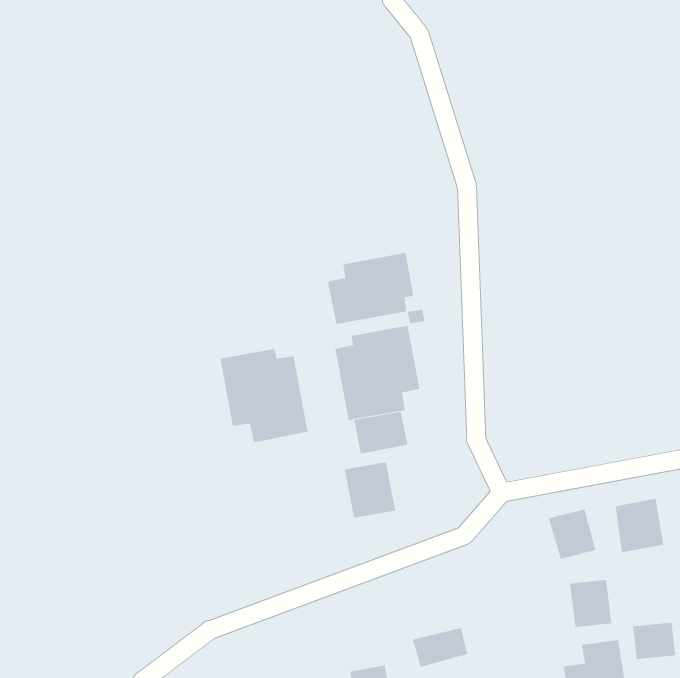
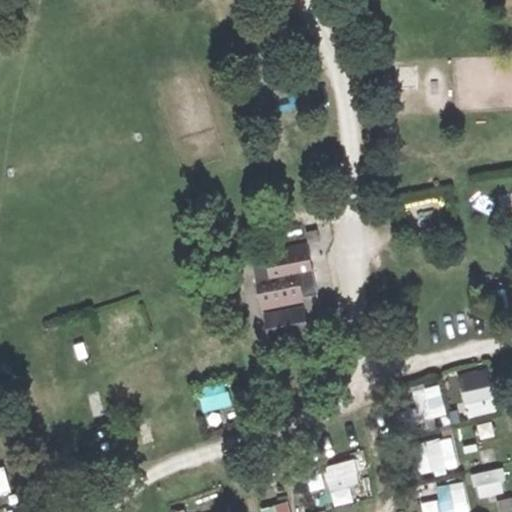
building: [328,252,414,325] -> none
building: [220,348,308,443] -> none
building: [344,462,396,519] -> none

